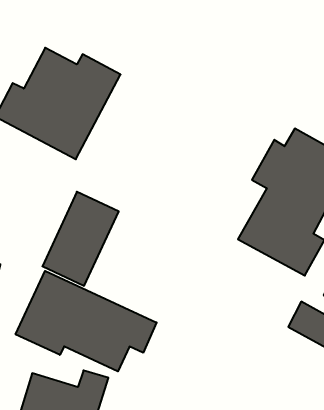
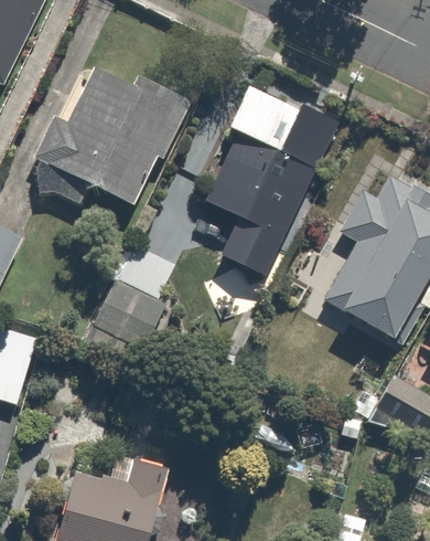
building: none -> [197,83,336,276]
building: [16,271,157,371] -> none

